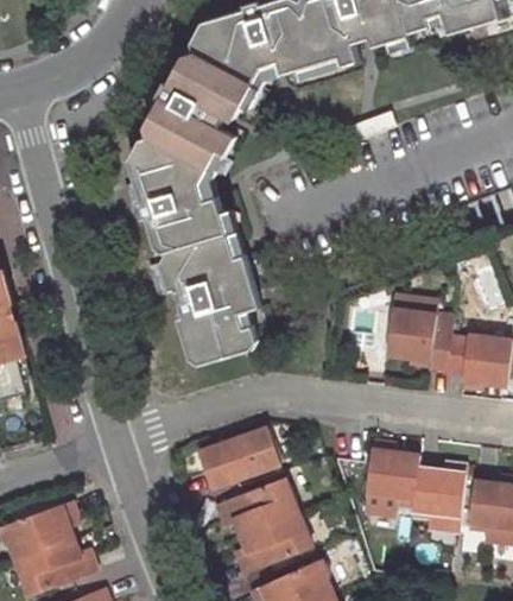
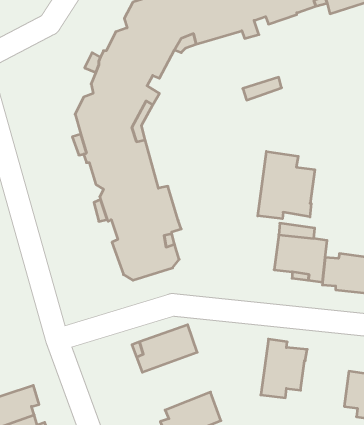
building: none -> [258,151,315,219]
building: [410,464,464,531] -> none
building: [220,475,298,531] -> none

